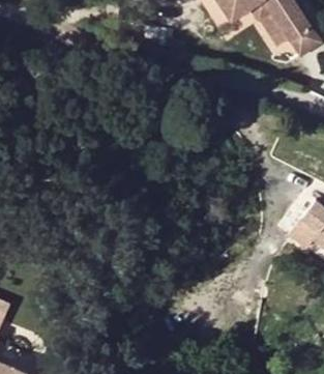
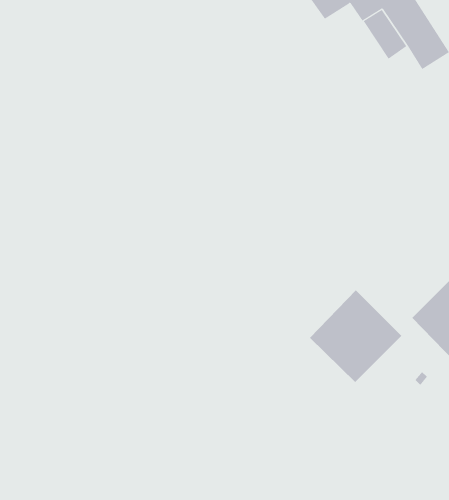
building: none -> [309,289,402,383]

